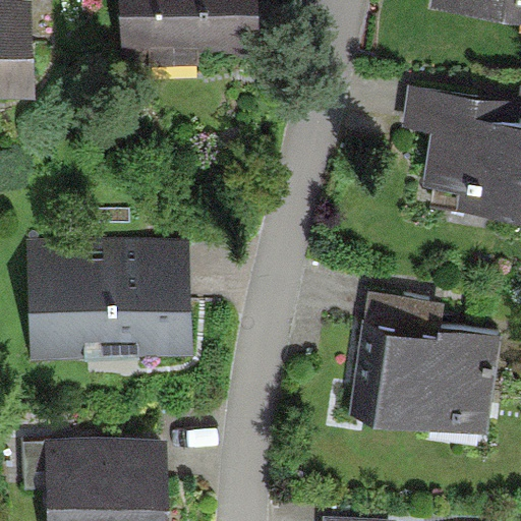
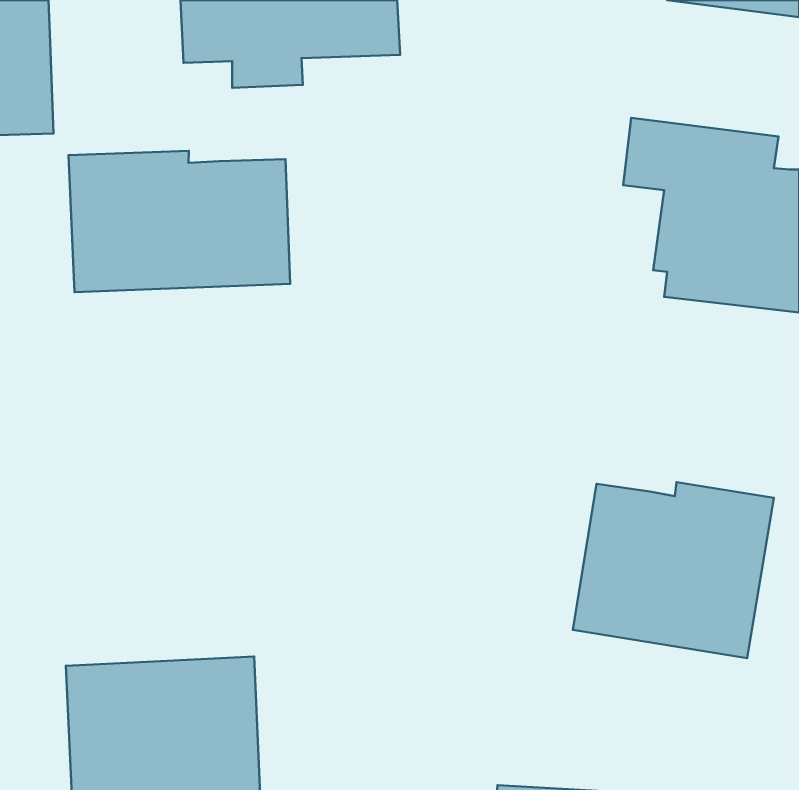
building: none -> [68,151,290,292]
building: [25,241,191,363] -> none

